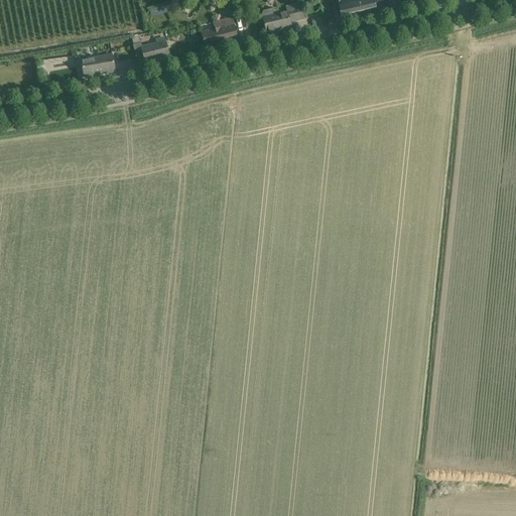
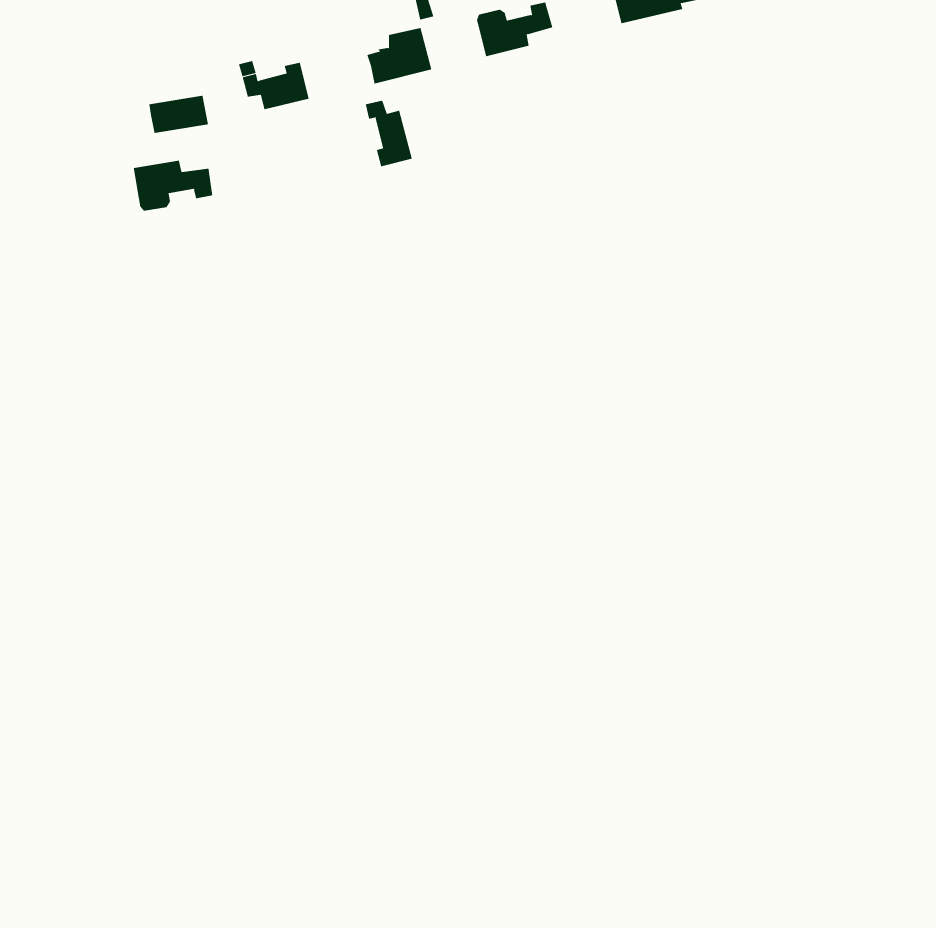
building: none -> [365,100,412,167]
building: none -> [133,160,213,211]

